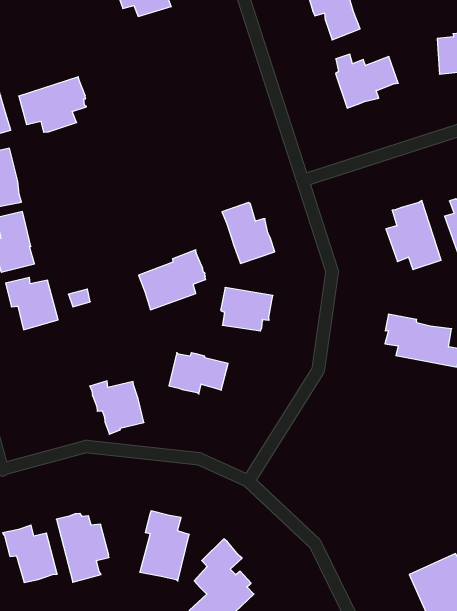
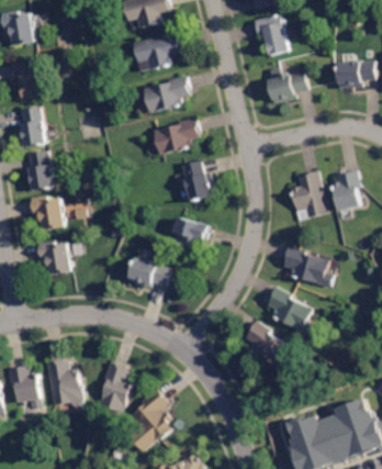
building: [19,77,86,132] -> [133,33,178,68]
building: none -> [143,76,188,112]
building: [139,250,206,310] -> [153,116,198,154]
building: none -> [266,287,313,335]
building: [90,381,144,434] -> [37,241,71,277]
building: none -> [244,321,288,372]

